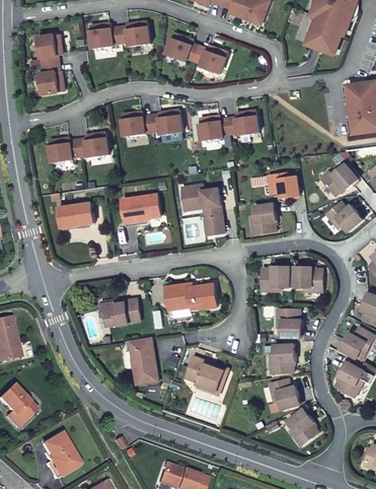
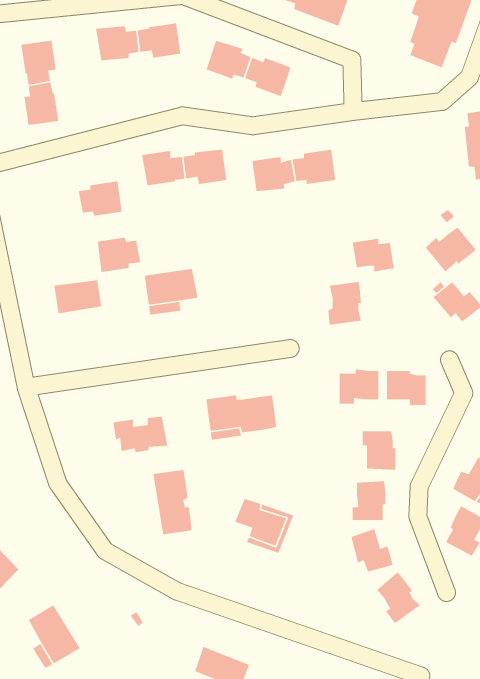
building: [48,138,79,163] -> [97,237,141,273]
building: [183,185,225,235] -> none

